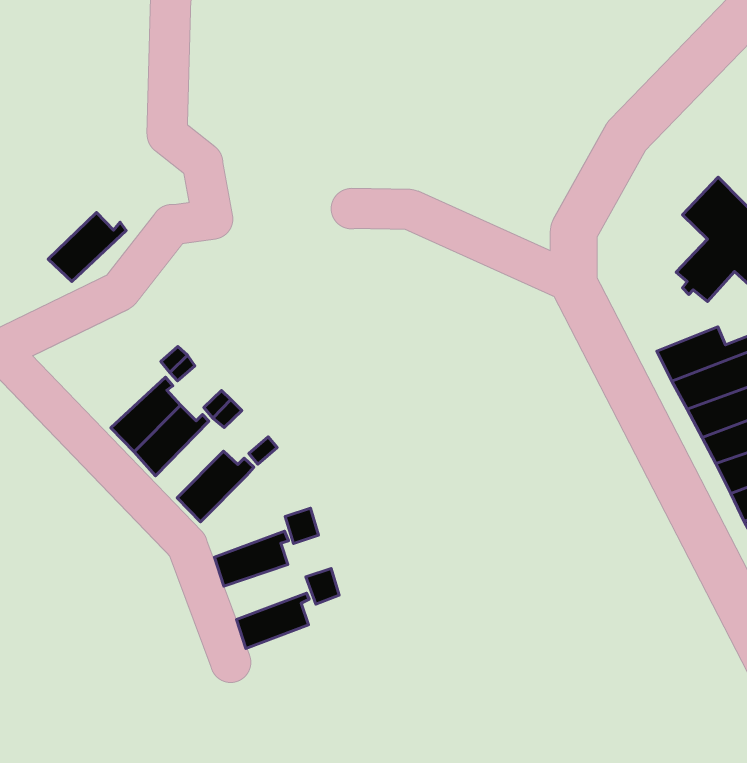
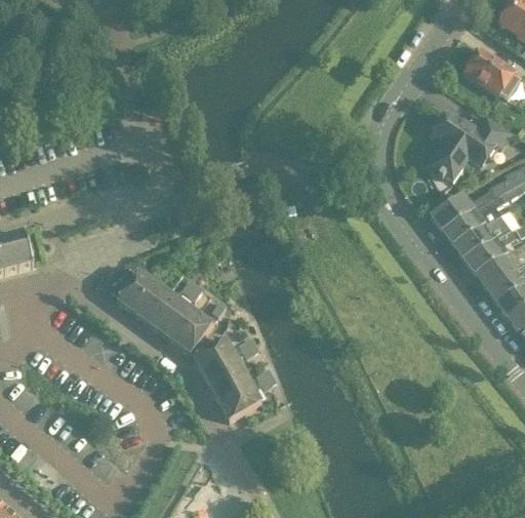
building: [48,213,126,281] -> [116,269,157,310]
building: none -> [161,296,197,343]
building: none -> [193,337,239,372]
building: none -> [210,369,257,405]

